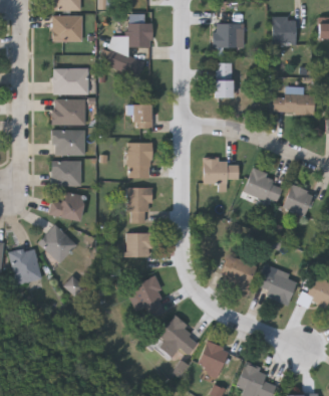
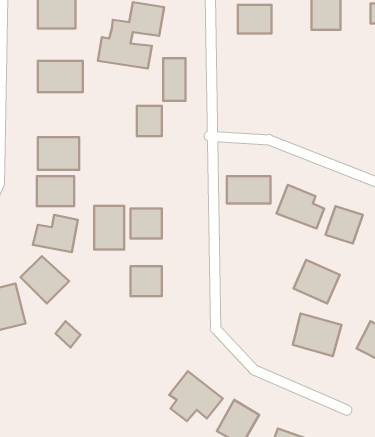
building: [214,62,232,96] -> [163,58,186,101]
building: [273,93,314,113] -> none
building: [52,100,85,125] -> none
building: [127,142,151,177] -> [94,206,124,250]
building: [221,255,258,290] -> [294,260,340,304]
building: [126,277,169,324] -> none

